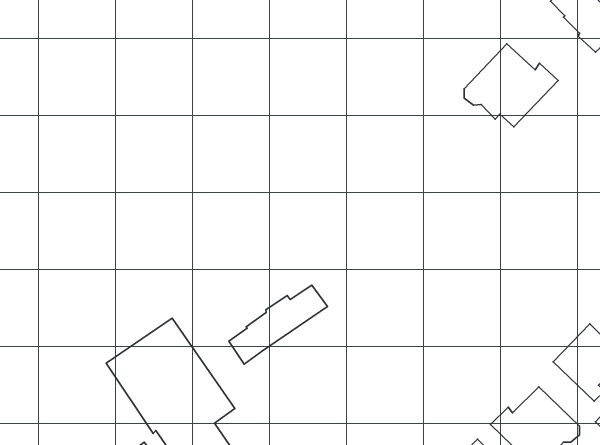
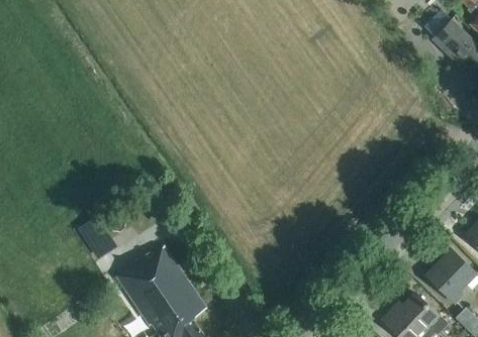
building: [464,44,558,127] -> none
building: [229,285,328,364] -> none

